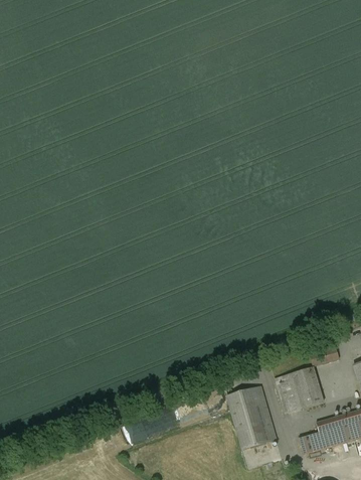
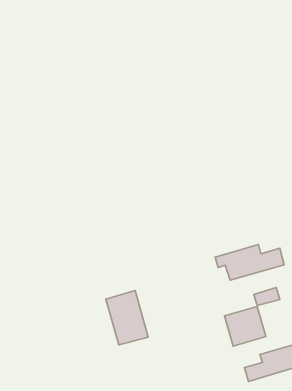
building: none -> [215,244,284,280]
building: [226,385,276,449] -> [106,291,148,345]

